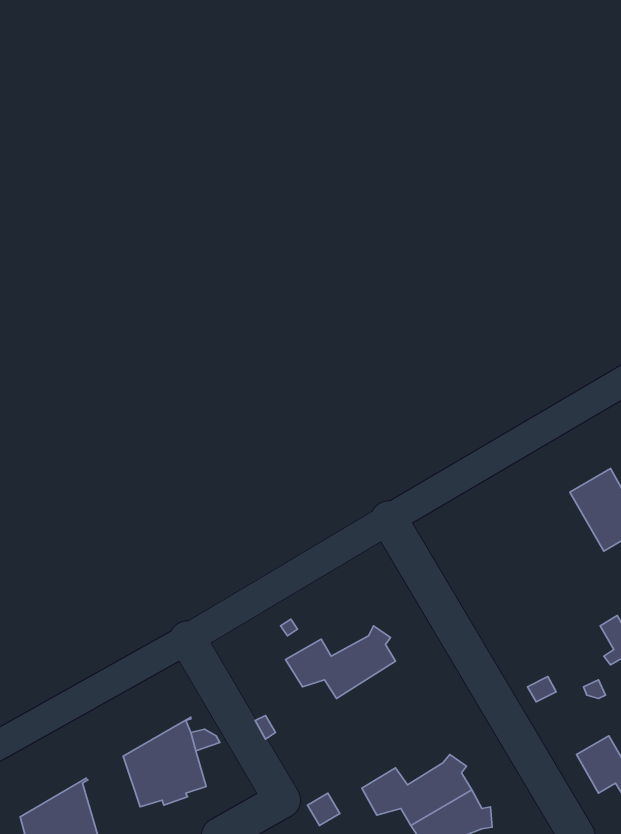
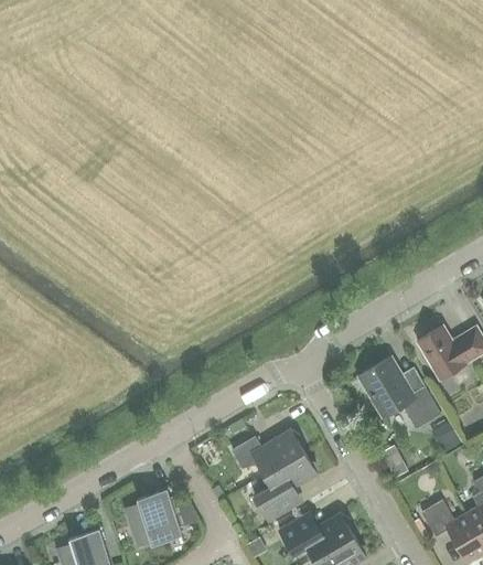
building: none -> [361,358,441,428]
building: none -> [254,450,318,521]

